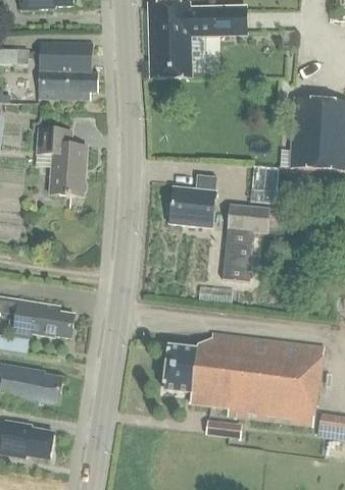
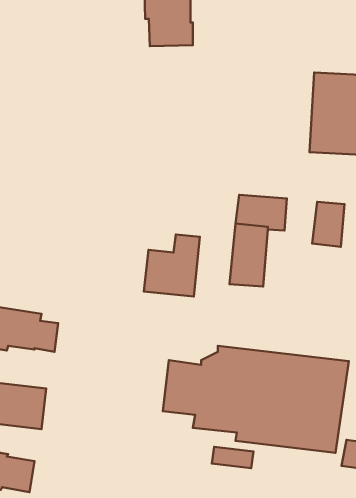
building: [38,41,99,98] -> none
building: [38,127,87,196] -> none
building: [250,164,278,203] -> [312,202,344,247]
building: [169,173,217,226] -> [144,235,200,296]

